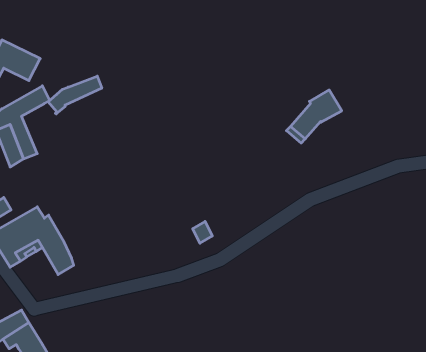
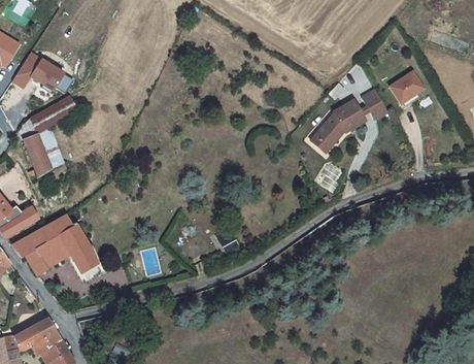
building: none -> [390,71,425,104]
building: [48,76,102,114] -> none
building: none -> [361,90,387,120]

